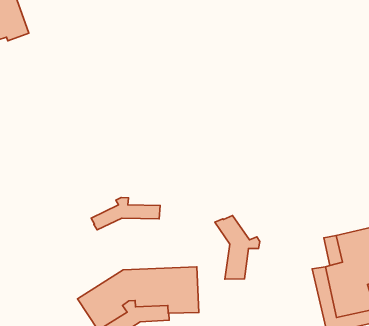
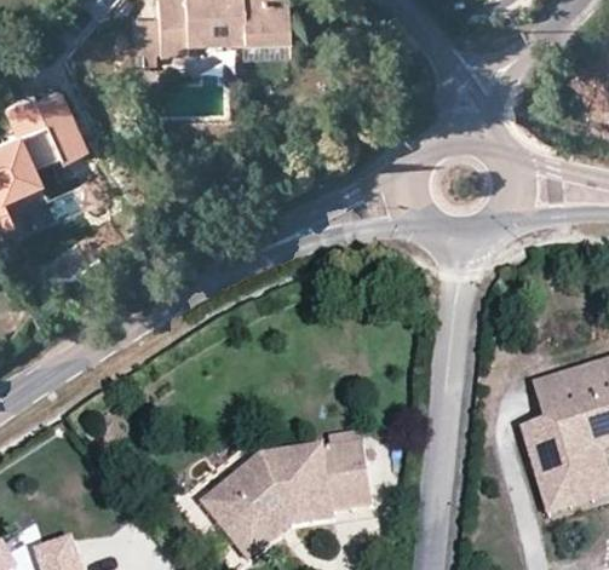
building: [91,197,160,230] -> none
building: [215,216,260,279] -> none

